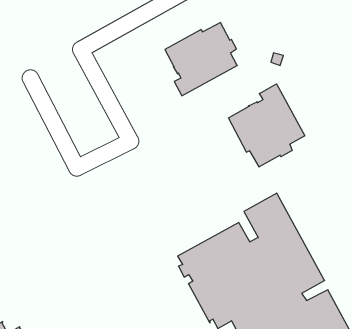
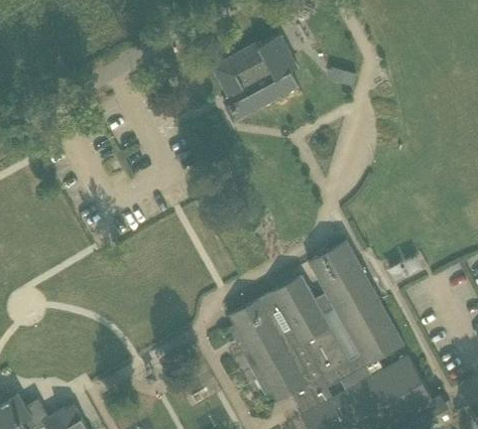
building: [228,84,305,167] -> none

